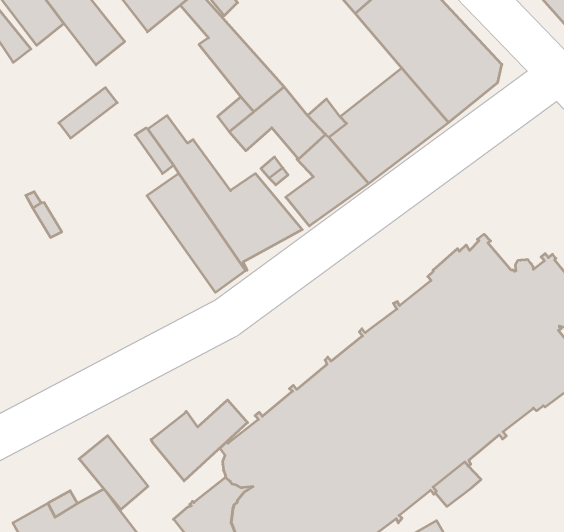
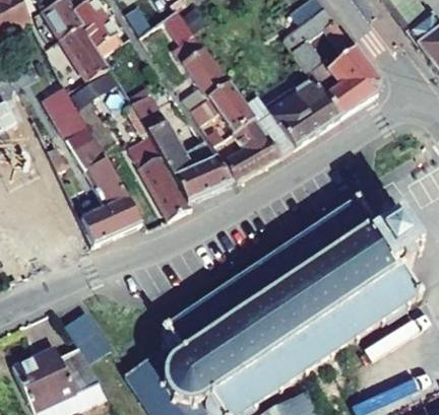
building: none -> [61,23,109,79]
building: none -> [42,85,140,243]
building: [151,400,248,481] -> none

